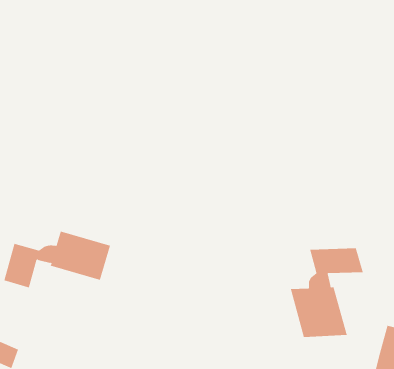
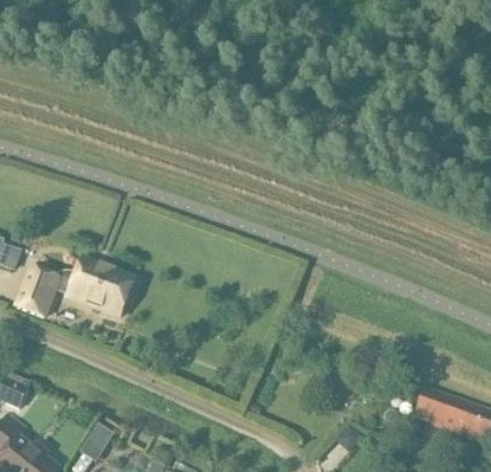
building: [290,247,363,338] -> none

